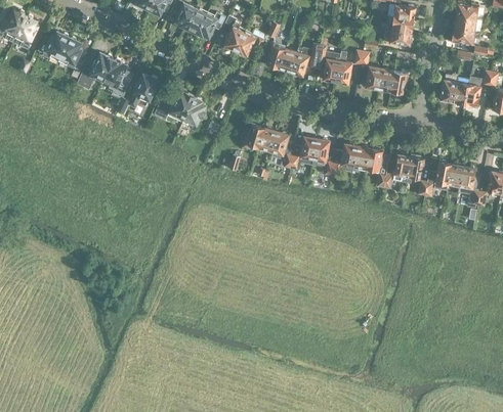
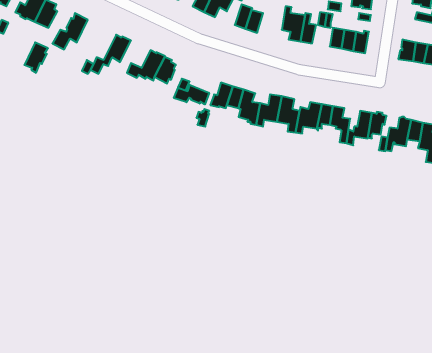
building: [291,47,313,75] -> none
building: [102,58,127,90] -> [24,42,48,73]
building: none -> [174,85,209,104]

